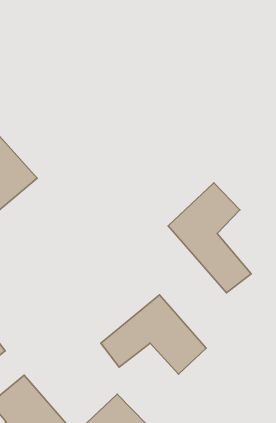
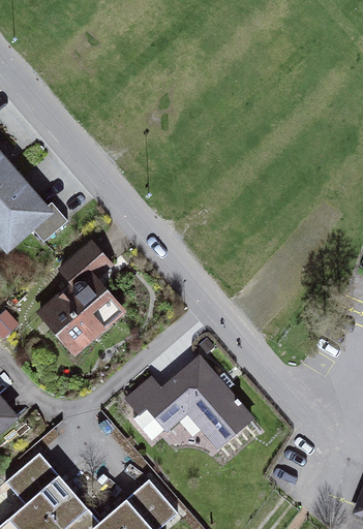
building: [168,183,251,293] -> none
building: none -> [36,247,126,362]

